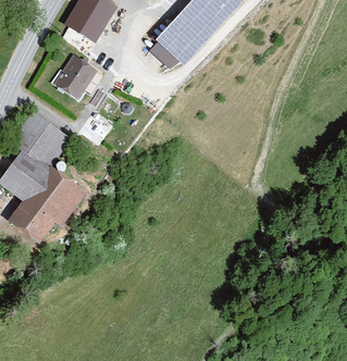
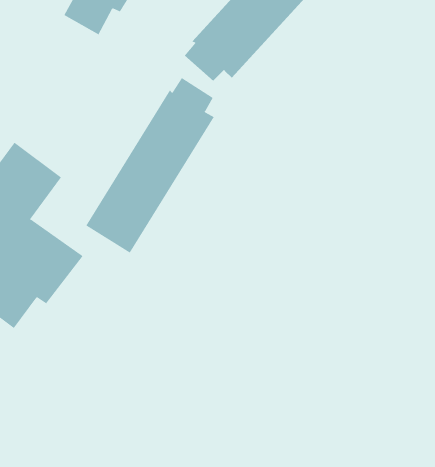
building: [55,53,100,100] -> none
building: none -> [85,77,214,253]

